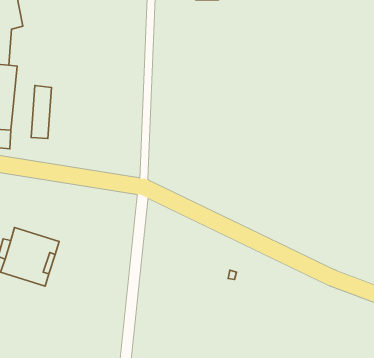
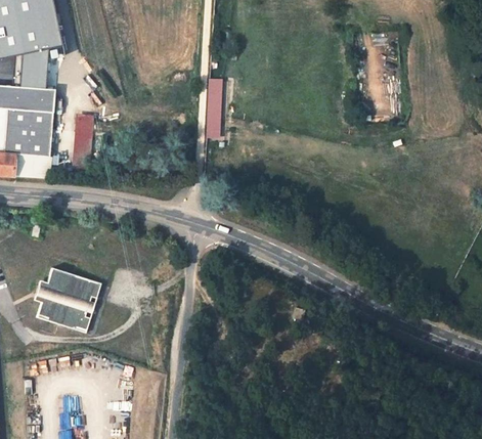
building: none -> [205,78,220,137]

